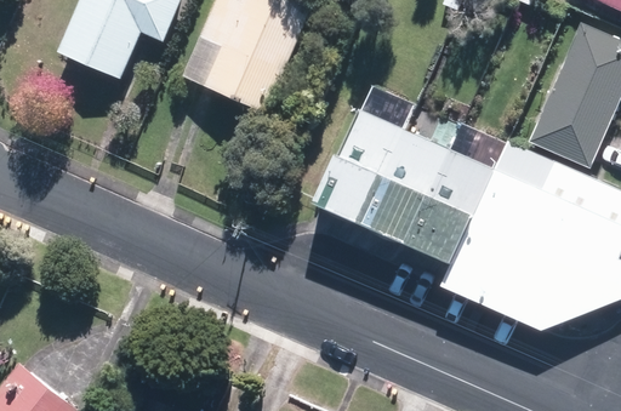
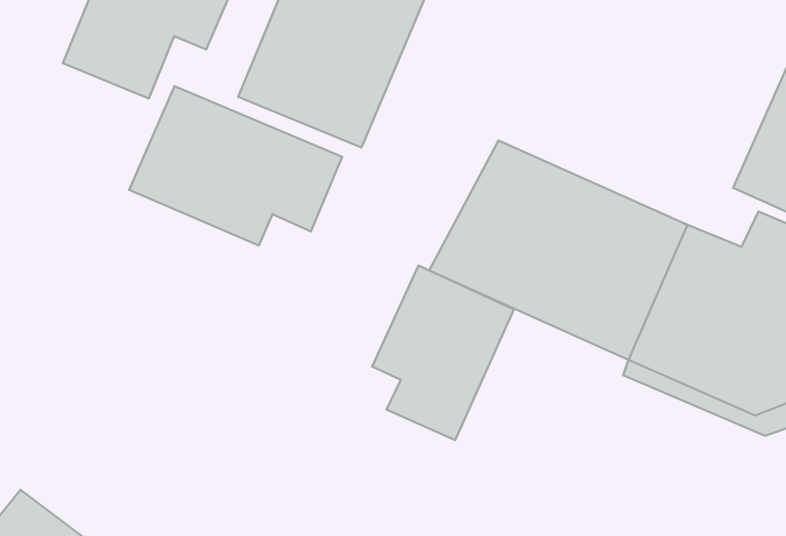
building: none -> [129,86,342,246]
building: none -> [372,266,514,440]

